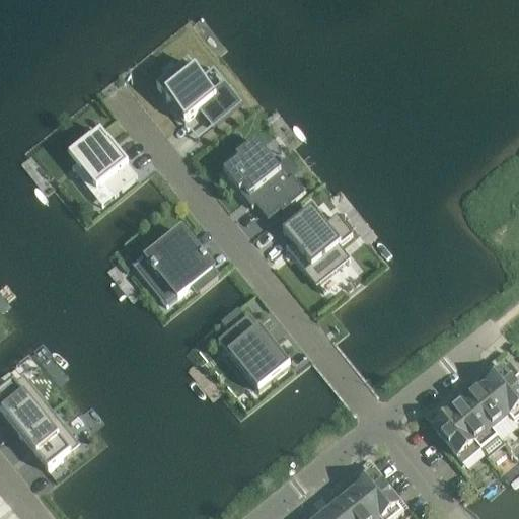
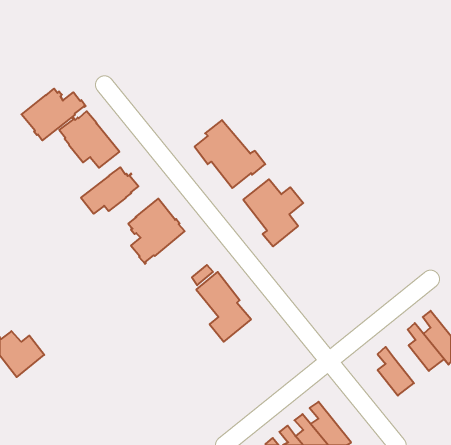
building: [156,58,241,124] -> none
building: none -> [21,89,86,140]
building: none -> [81,167,138,214]
building: [450,385,497,446] -> none
building: [19,407,79,467] -> none

